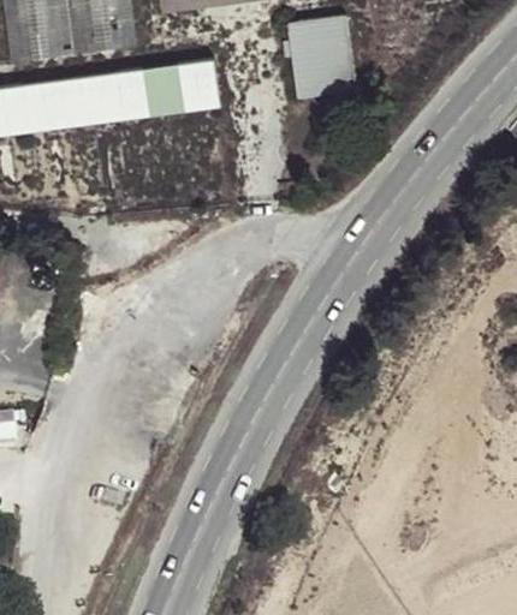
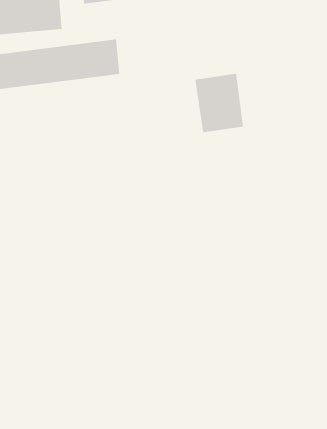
building: [285,14,353,97] -> [195,73,244,133]

